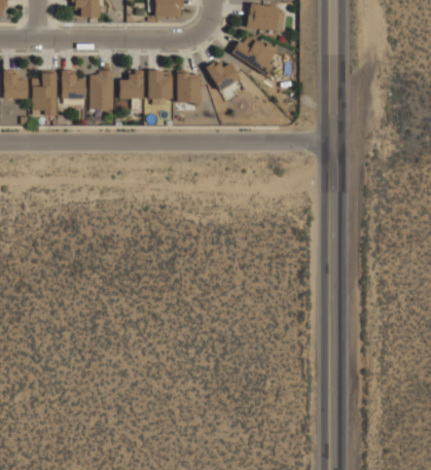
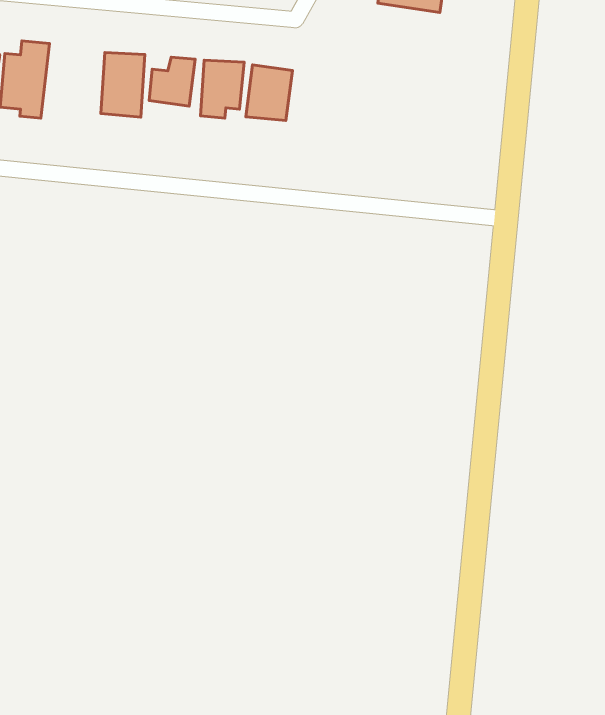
building: [232,31,276,75] -> none
building: [205,59,245,99] -> none
building: [61,70,85,104] -> none

